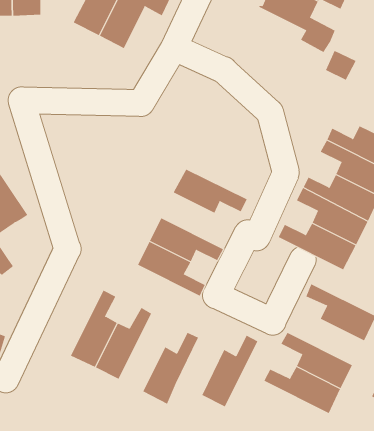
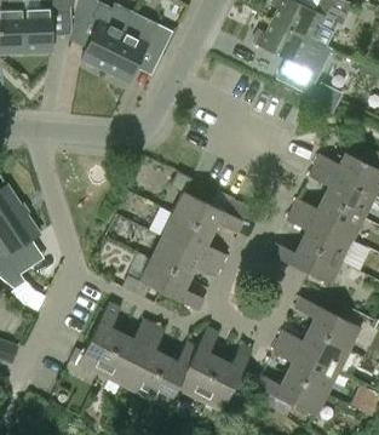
building: none -> [161,213,224,265]
building: none -> [122,325,165,396]
building: none -> [176,327,219,400]
building: none -> [277,330,349,372]

